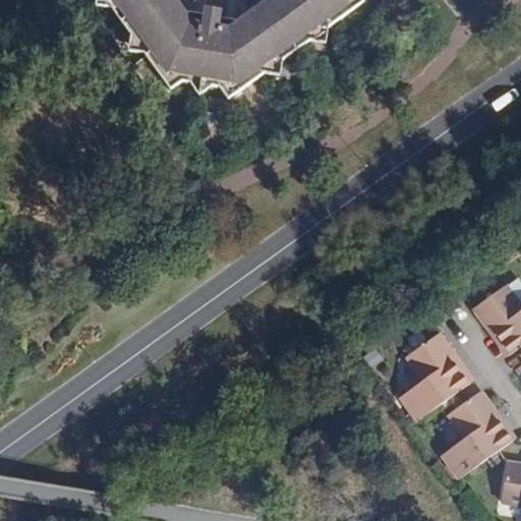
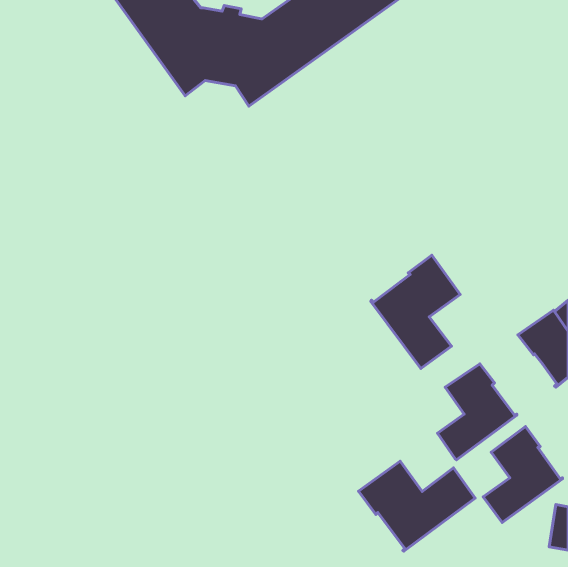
building: none -> [371,255,460,369]
building: none -> [358,461,475,551]

